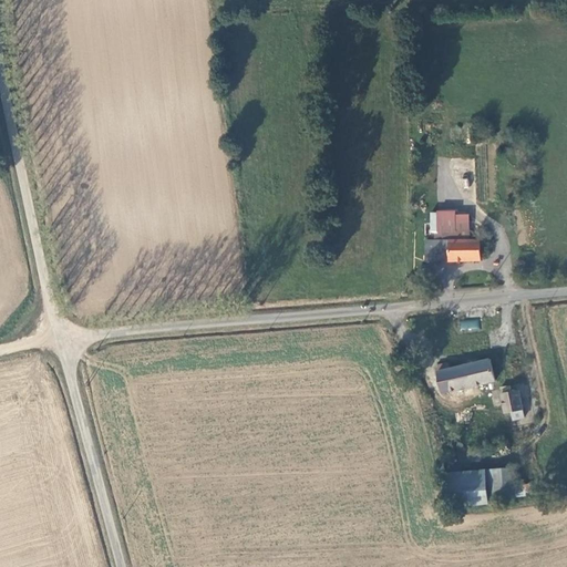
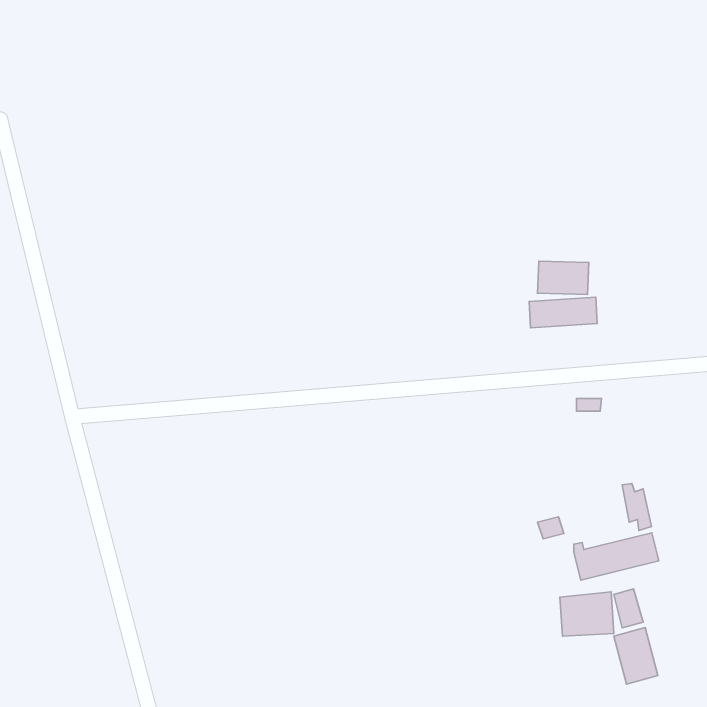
building: [437,357,505,394] -> [574,533,659,580]
building: none -> [614,627,658,684]

